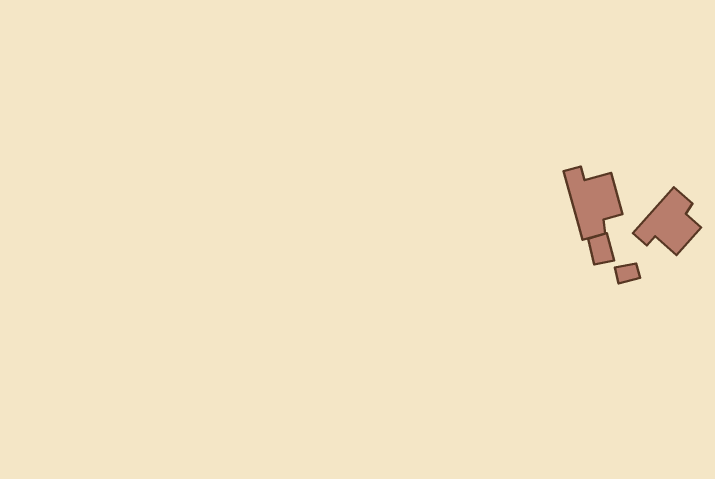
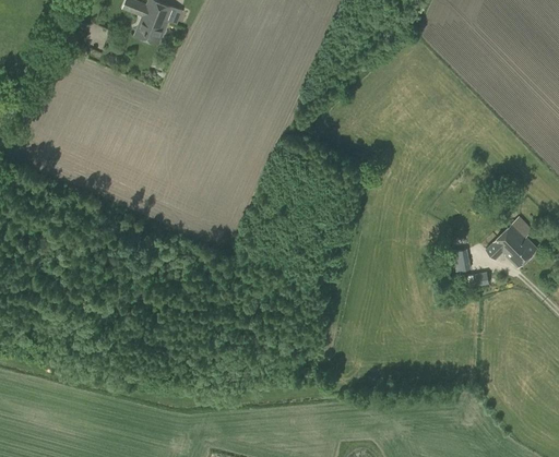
building: [564,166,622,240] -> none

